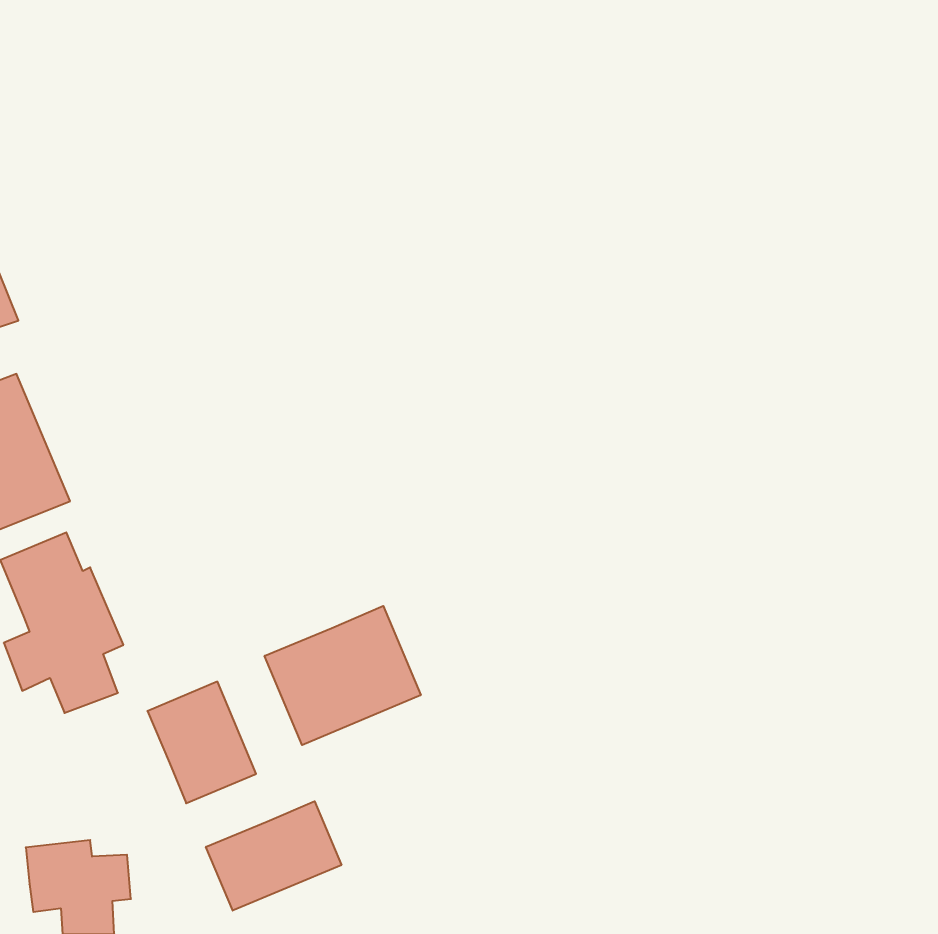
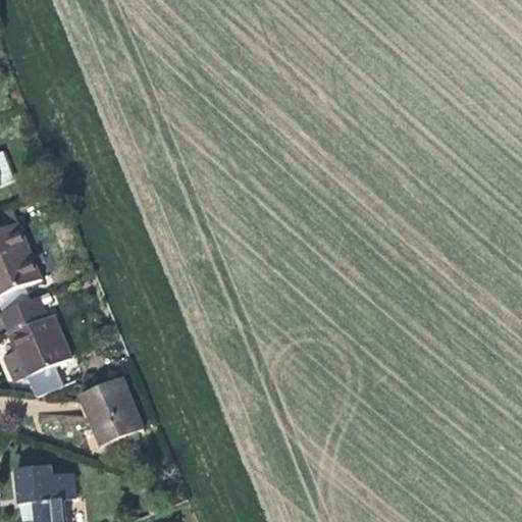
building: [265,606,421,745] -> none
building: [206,801,341,911] -> none

